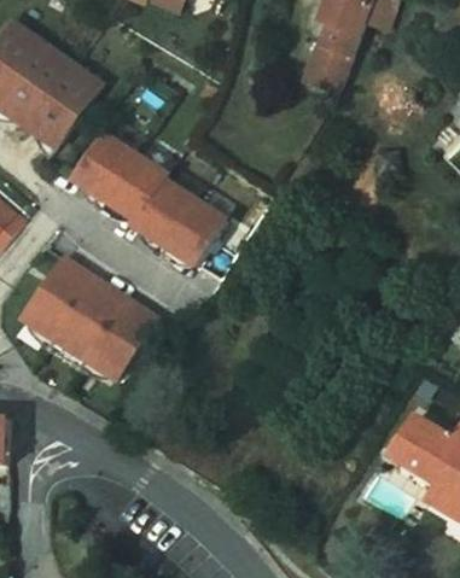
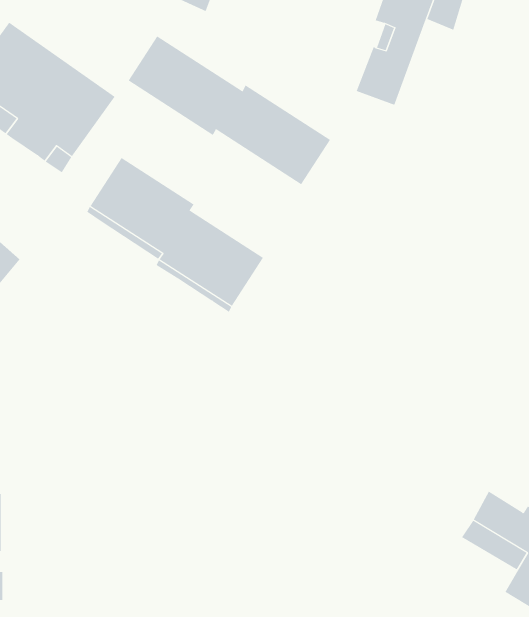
building: none -> [128,35,331,185]
building: [23,257,155,378] -> none

